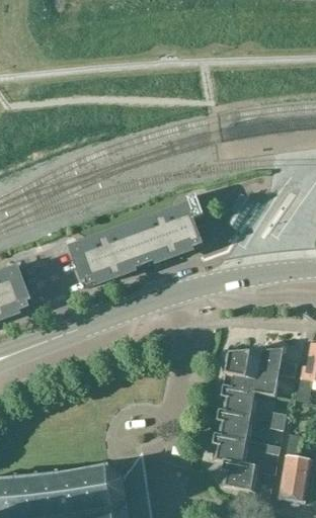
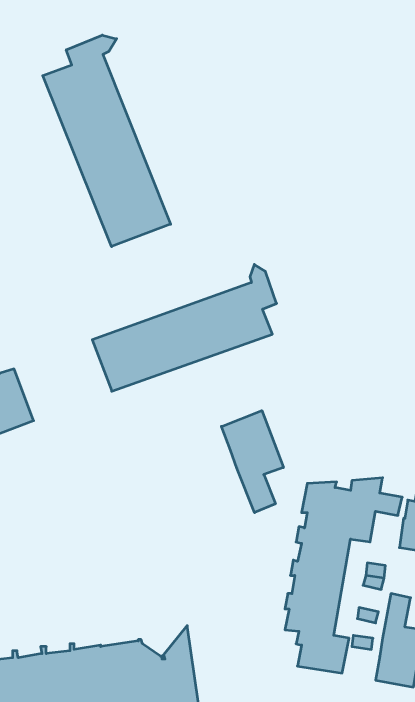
building: none -> [43,35,171,247]
building: none -> [221,411,283,513]

